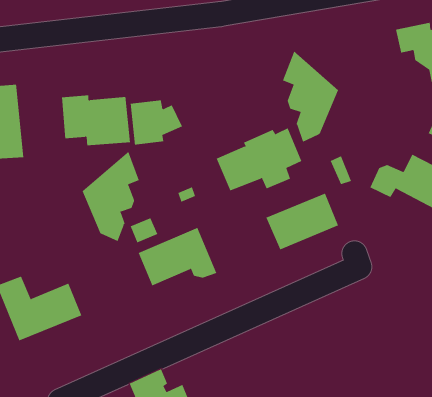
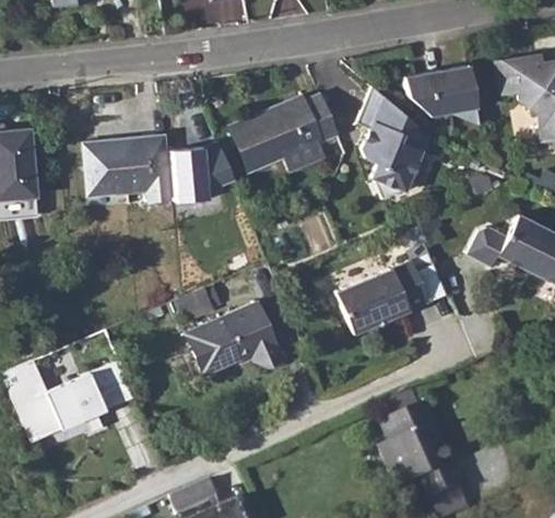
building: none -> [404,63,479,122]
building: [216,127,302,191] -> [232,92,339,170]
building: [82,151,140,242] -> none
building: none -> [380,402,467,501]

